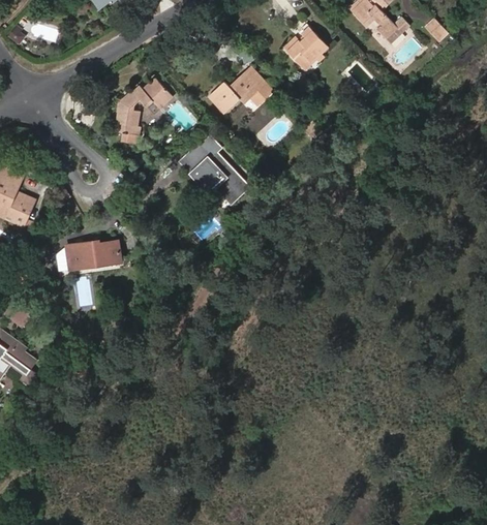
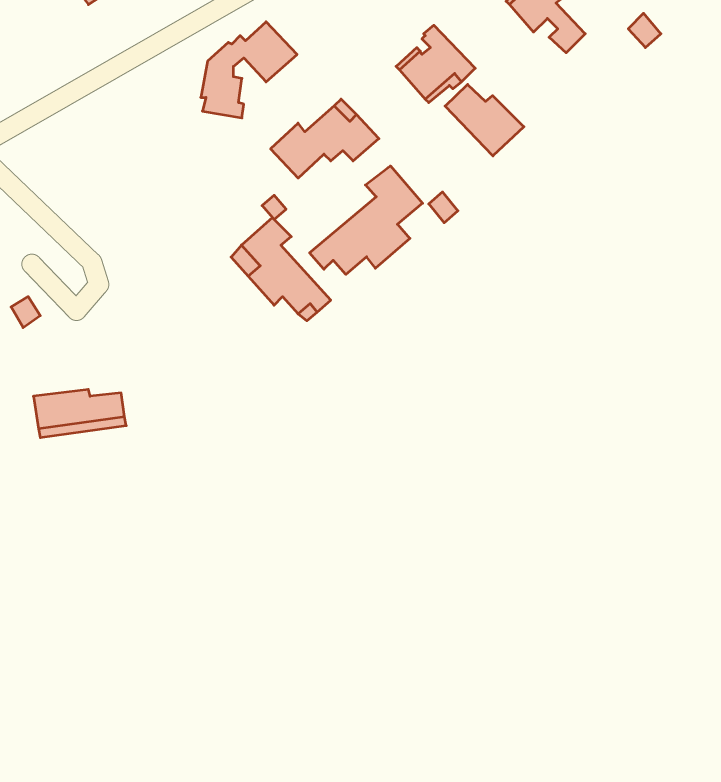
building: none -> [445,84,524,156]
building: [115,79,173,136] -> [201,22,297,118]
building: none -> [310,166,423,274]

